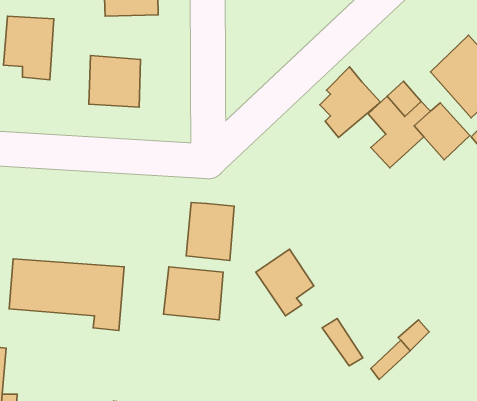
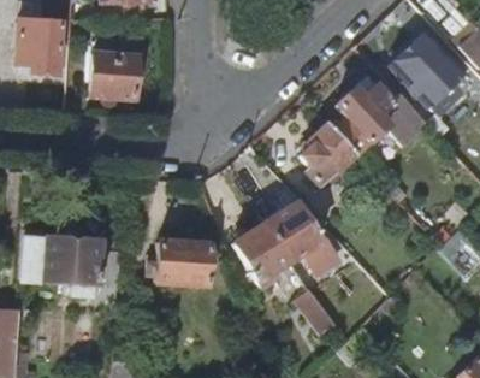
building: [320,67,381,137] -> [302,122,356,184]
building: [186,202,234,261] -> none
building: none -> [267,203,324,258]

